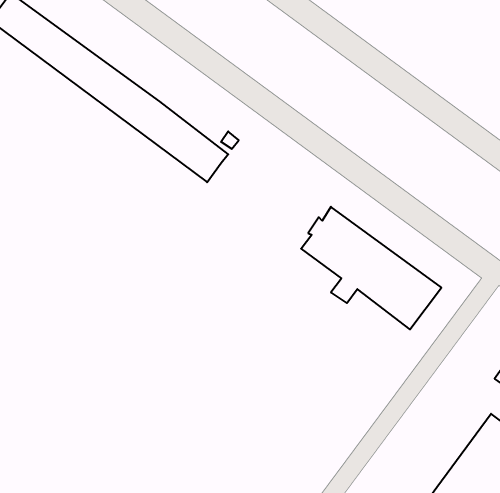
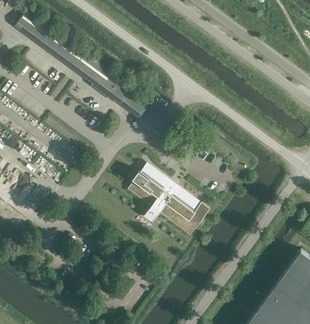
building: [301,207,441,329] -> [129,164,209,234]

